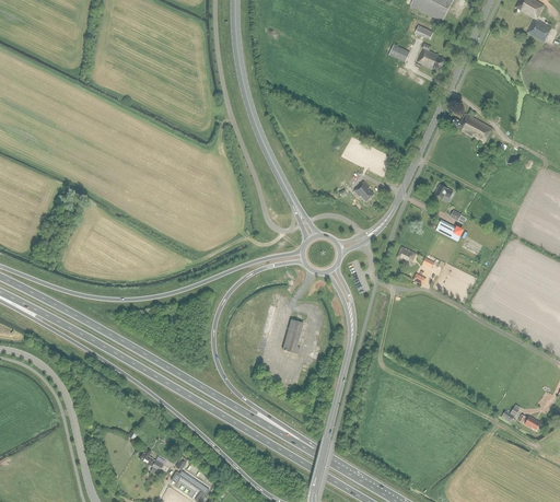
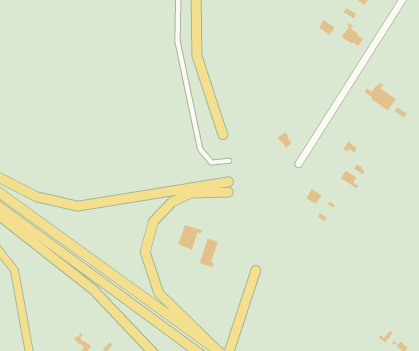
building: none -> [178,224,203,250]

